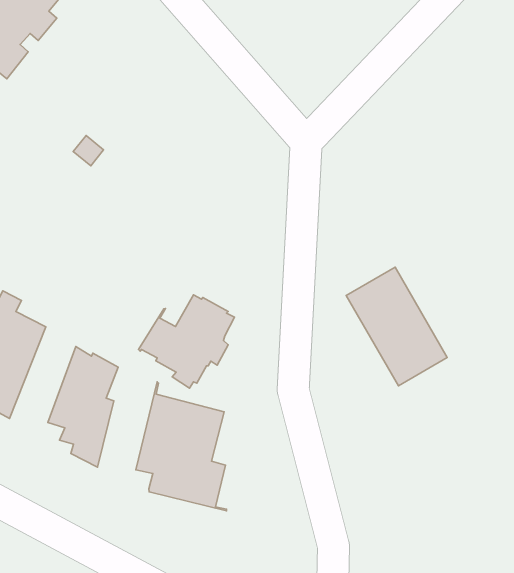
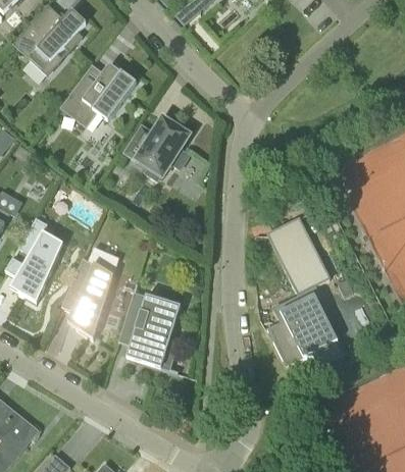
building: none -> [60,63,136,120]
building: [139,295,234,388] -> [123,117,189,179]
building: none -> [267,294,337,358]

